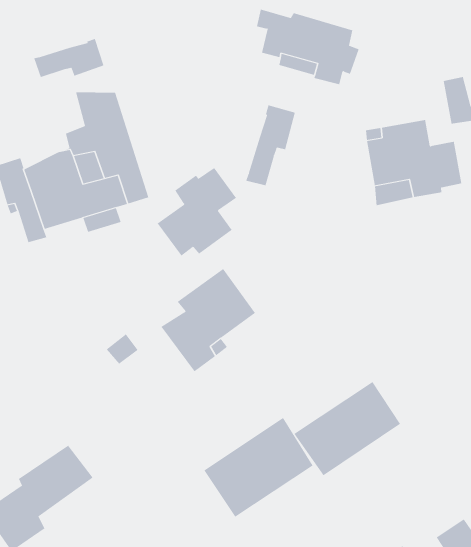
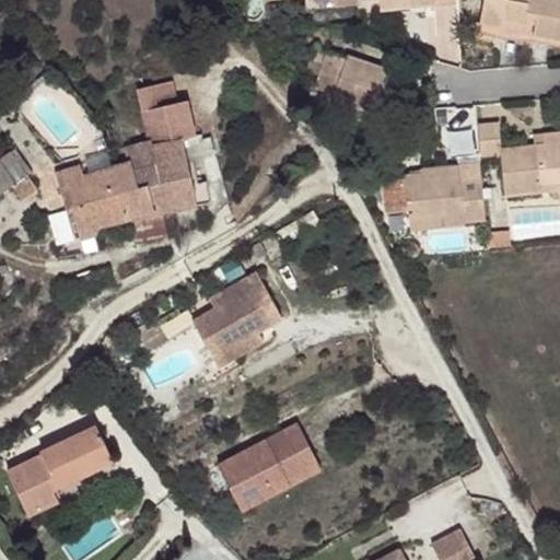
building: [33,38,104,78] -> none
building: [246,104,295,186] -> none
building: [157,167,237,256] -> none
building: [294,381,401,476] -> none

